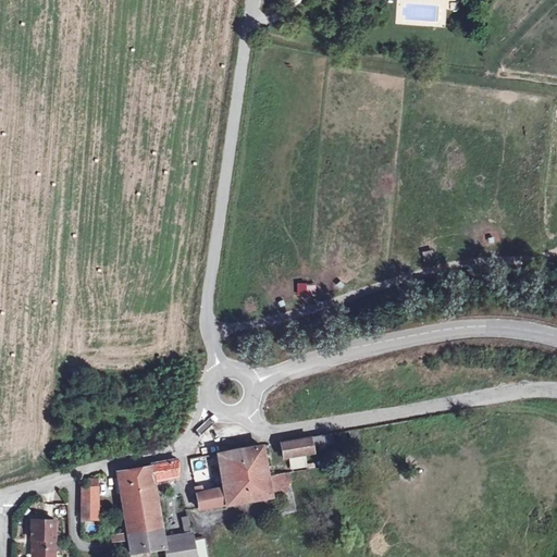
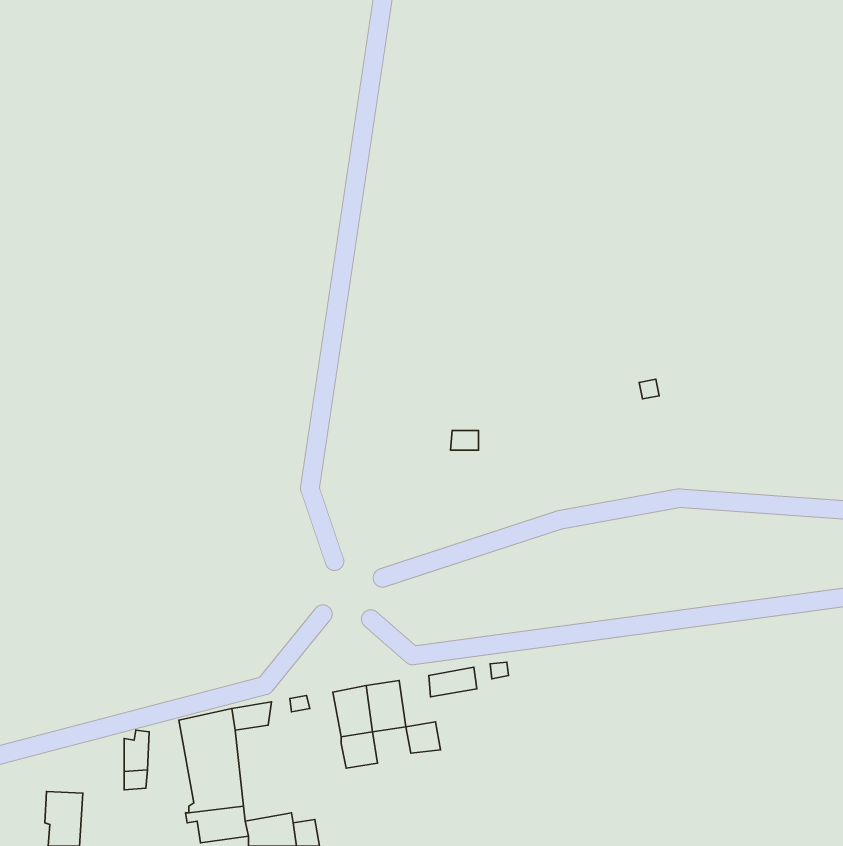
building: [245,478,270,502] -> none
building: [195,487,227,510] -> none

